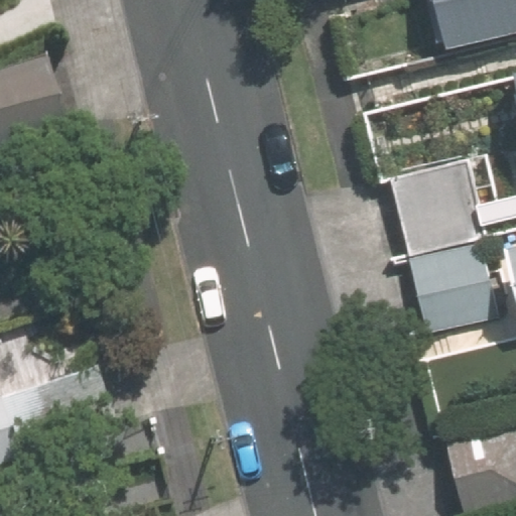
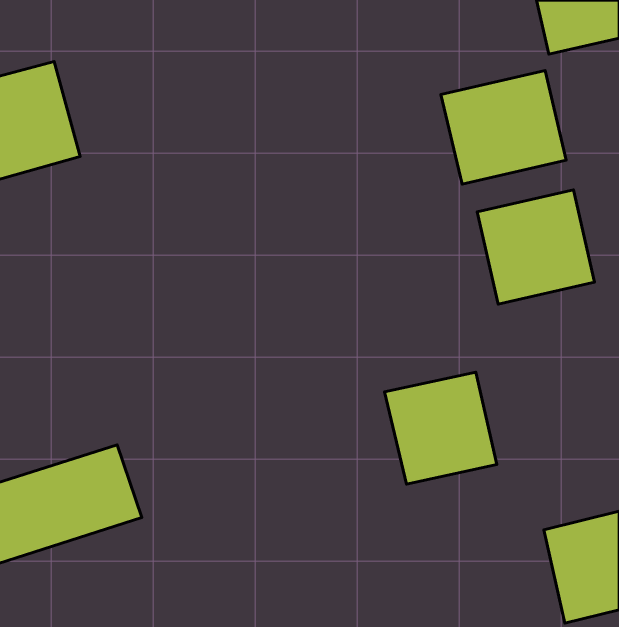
building: none -> [441,71,566,184]
building: [405,241,497,333] -> [384,372,497,484]

